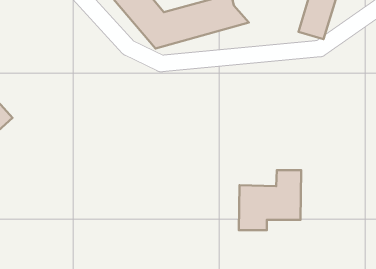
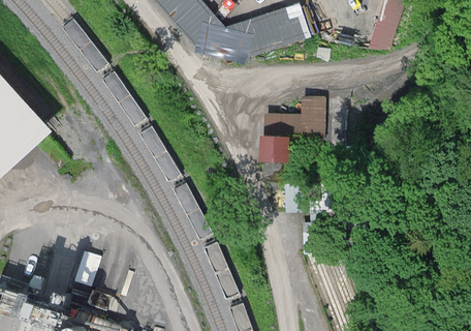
building: [239,170,301,230] -> [257,93,326,159]

